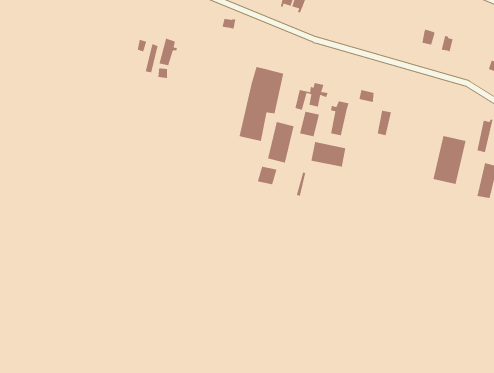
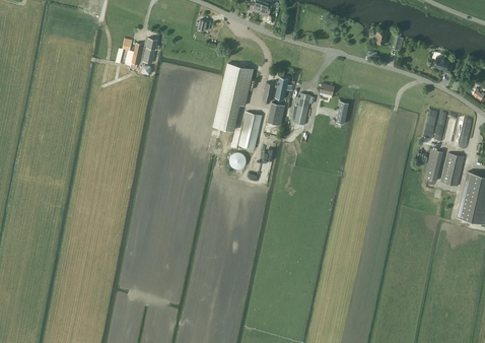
building: [433,135,466,185] -> none
building: [310,141,346,168] -> none

